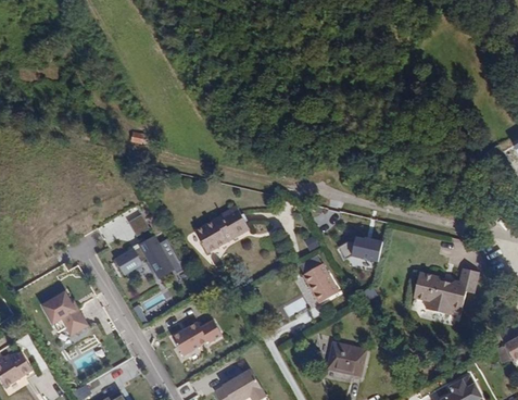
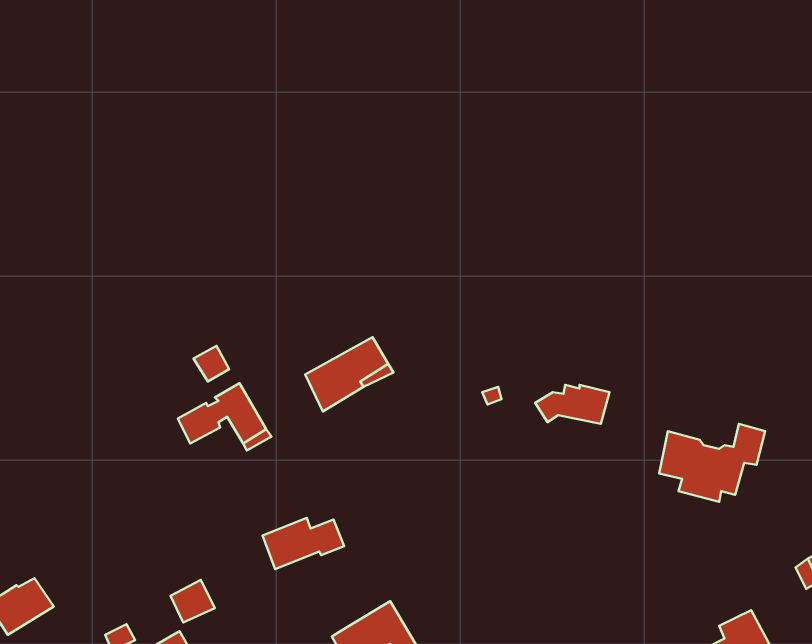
building: [303,264,339,303] -> none
building: [42,290,89,339] -> none
building: [327,343,366,377] -> none

